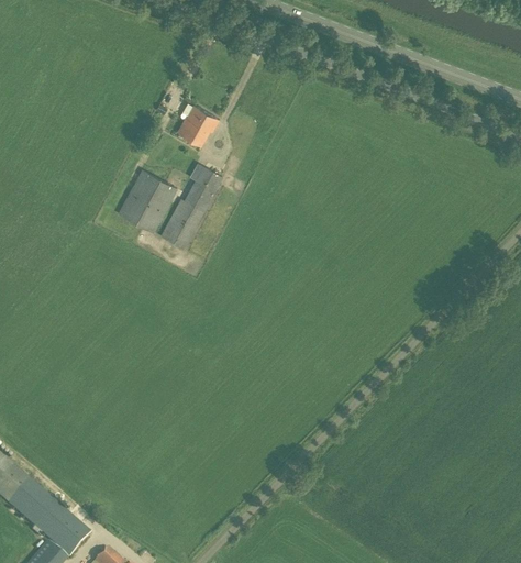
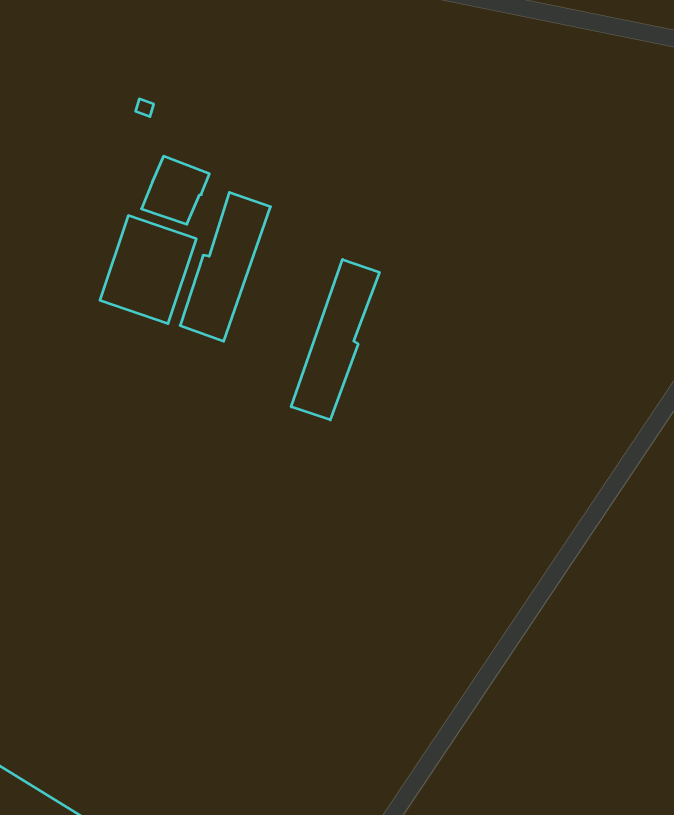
building: [177,103,219,144] -> [141,156,209,224]
building: none -> [291,259,379,420]

